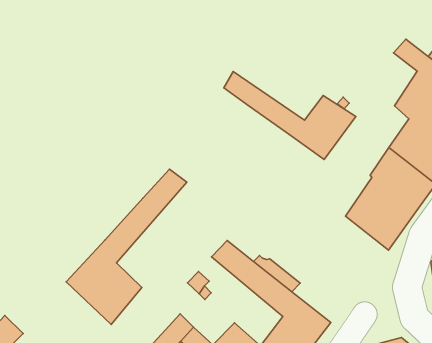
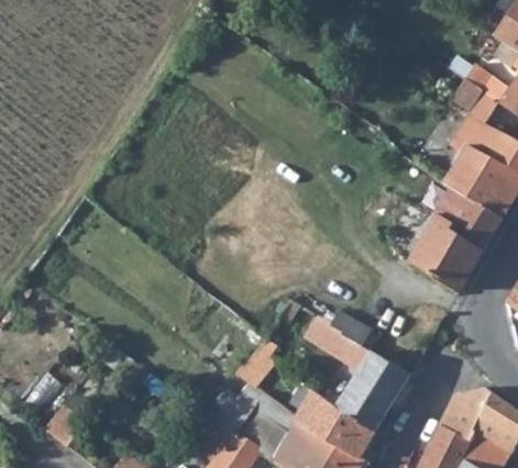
building: [224,71,356,160] -> none
building: [66,169,187,325] -> none

